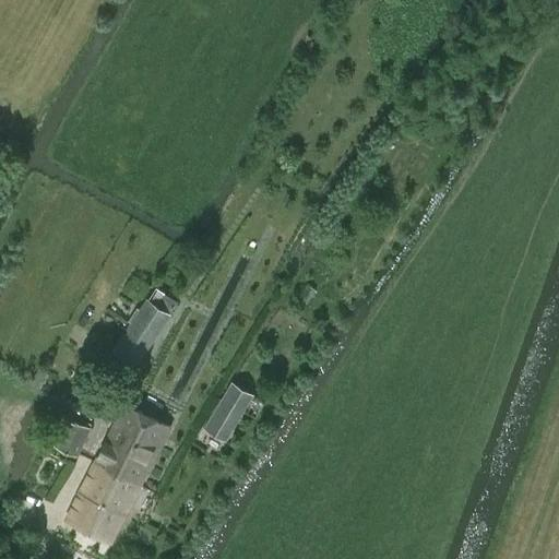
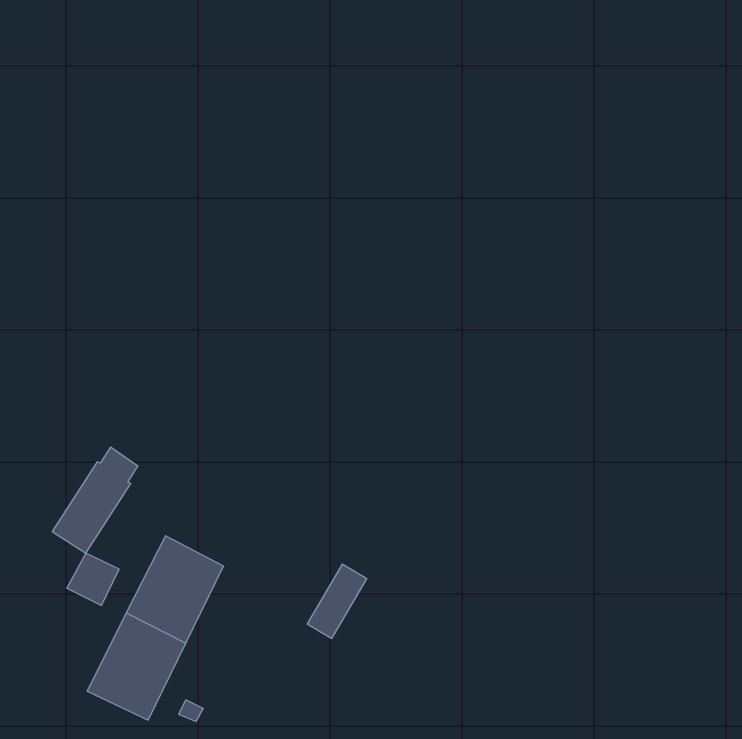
building: [112,288,177,368] -> [52,447,138,553]
building: [206,385,251,441] -> [307,564,367,638]

